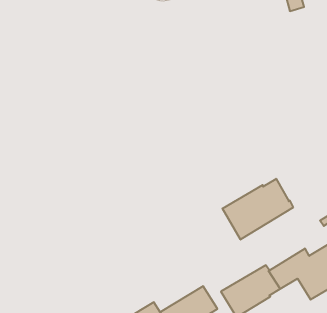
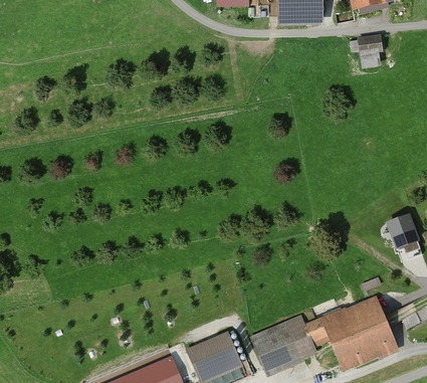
building: [222,179,293,240] -> none

